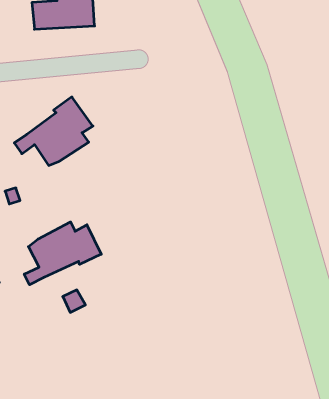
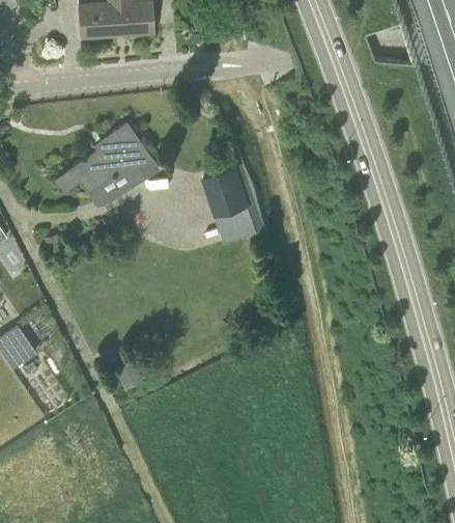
building: none -> [203,164,265,244]
building: [24,222,101,285] -> none

